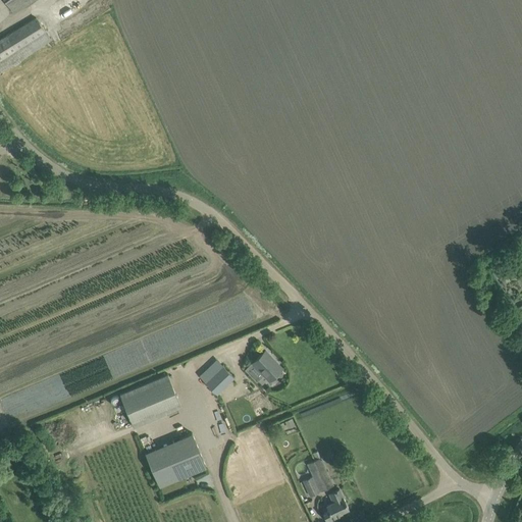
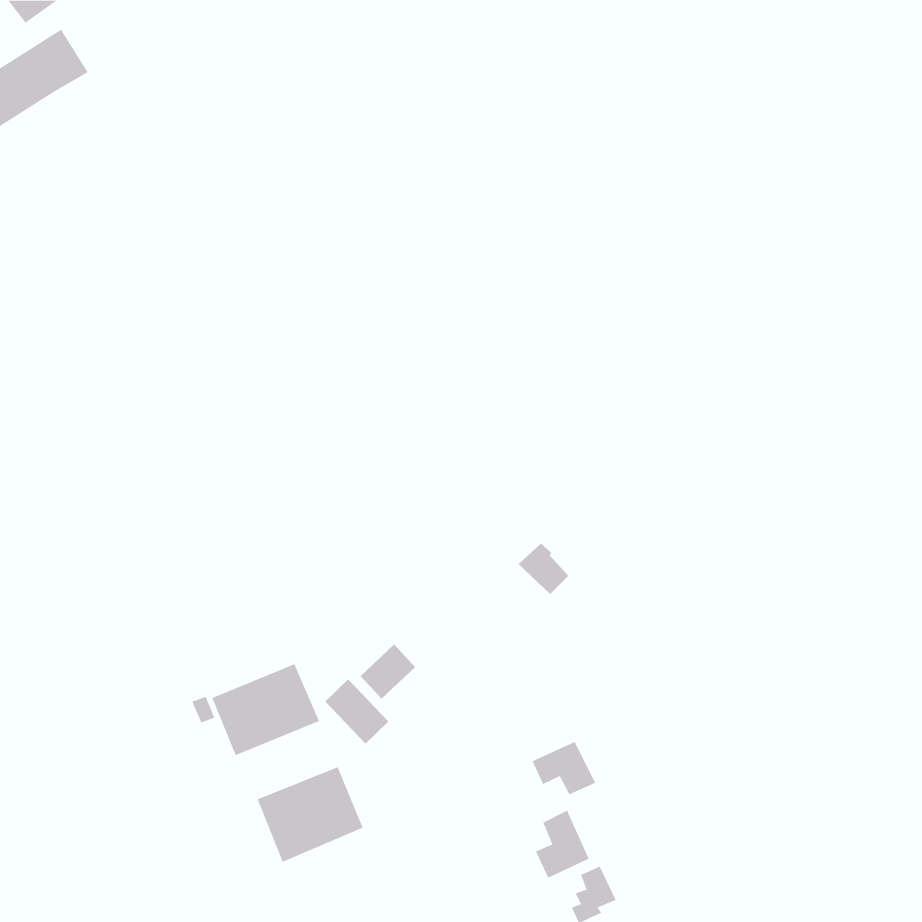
building: [251,351,281,380] -> [518,542,572,595]
building: none -> [325,678,389,744]
building: none -> [532,741,596,795]

